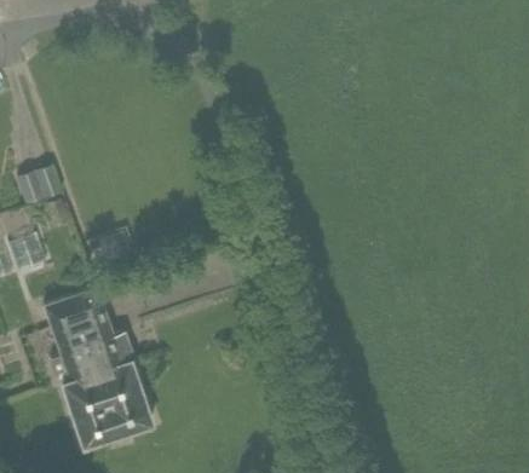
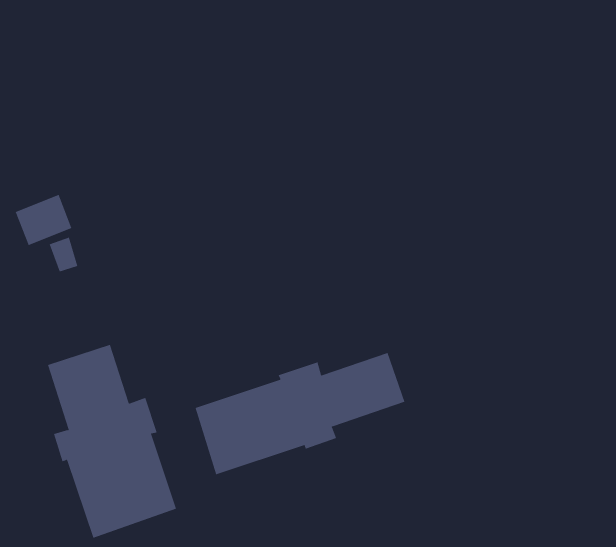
building: none -> [195,352,405,475]

